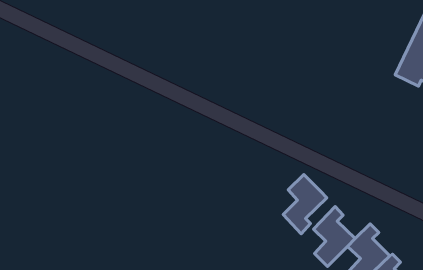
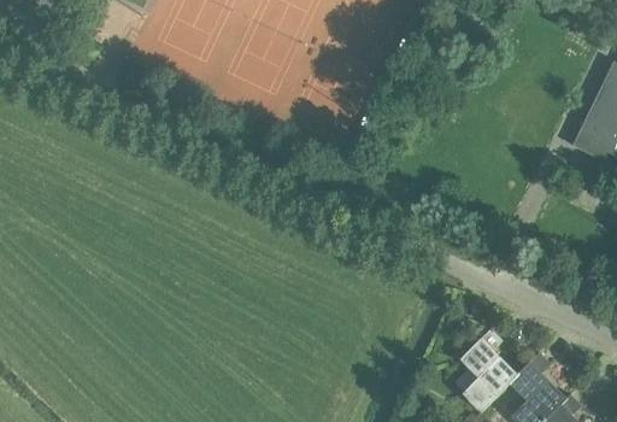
building: [283,175,327,234] -> none

